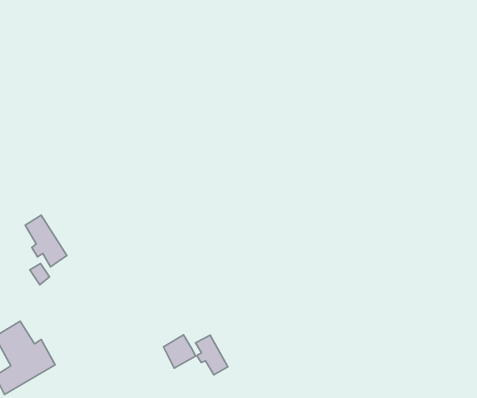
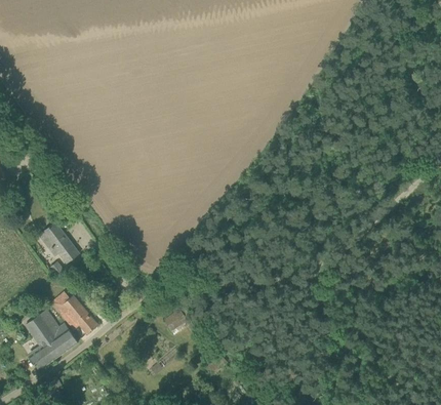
building: none -> [50,291,96,334]
building: [195,335,228,375] -> none

